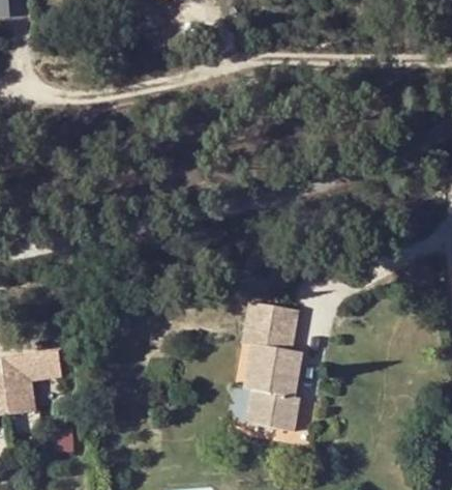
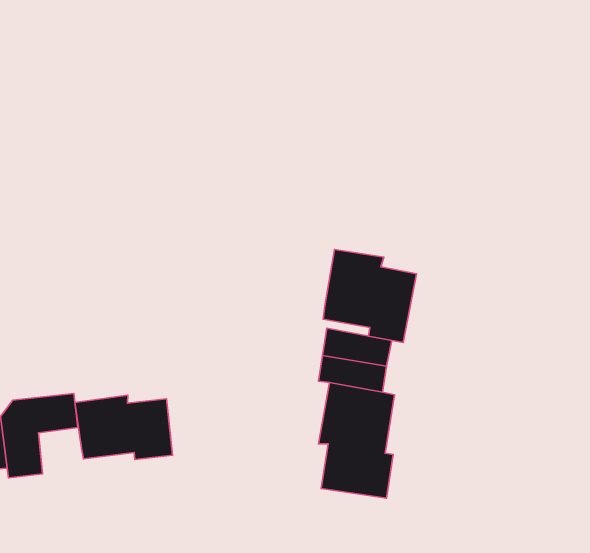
building: none -> [323,249,417,343]
building: none -> [75,395,173,460]

